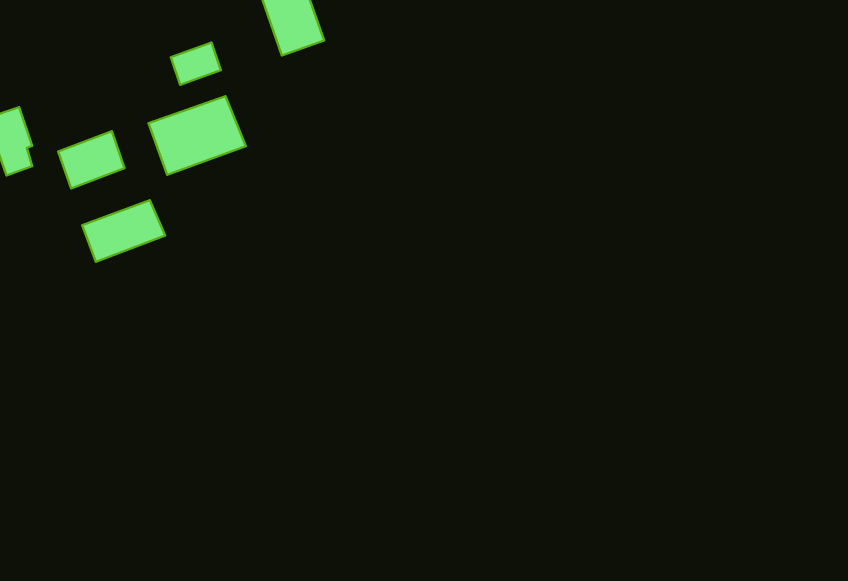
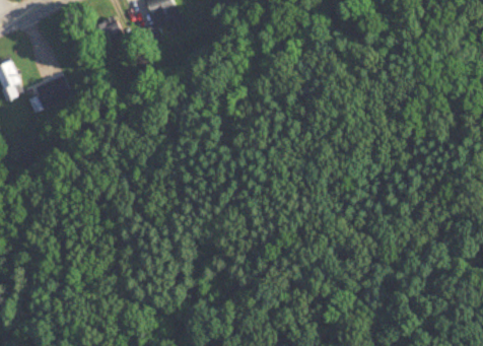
building: [149,96,246,175] -> none
building: [82,200,165,262] -> none

